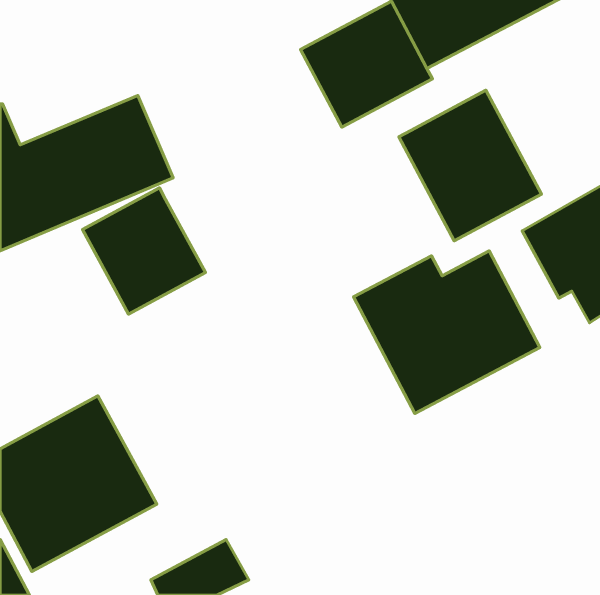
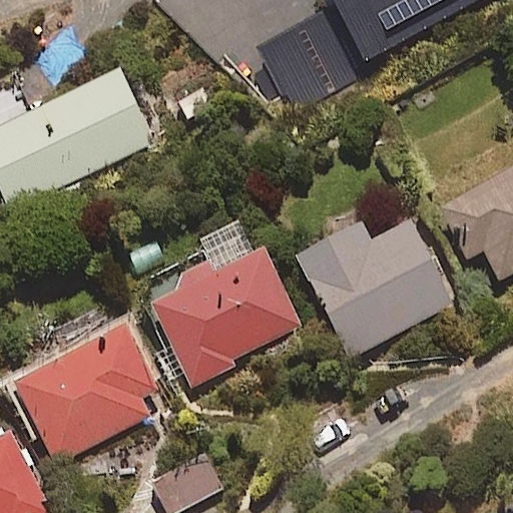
building: [399,90,541,241] -> none
building: [83,188,205,314] -> none
building: none -> [128,255,281,394]

